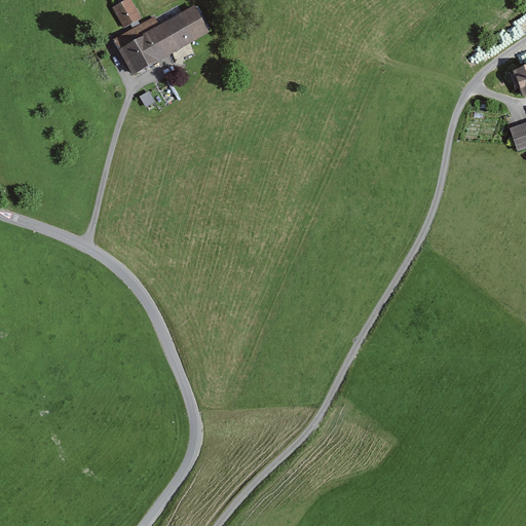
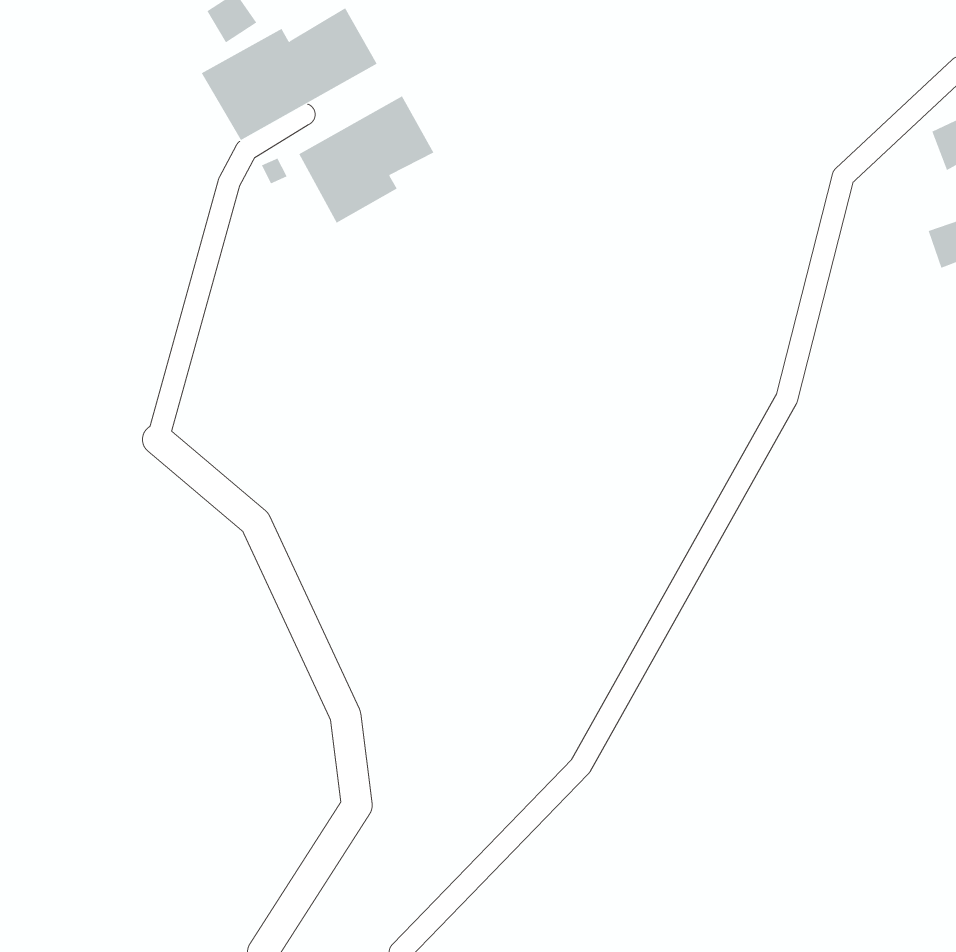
building: none -> [299,96,434,223]

